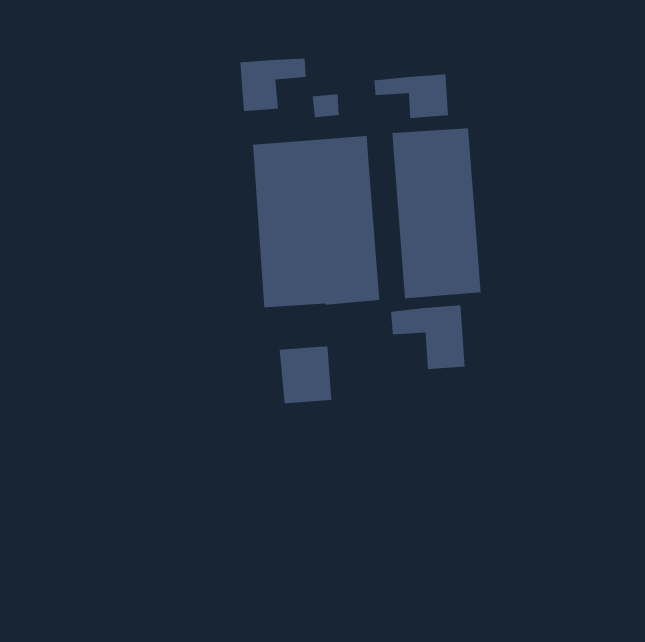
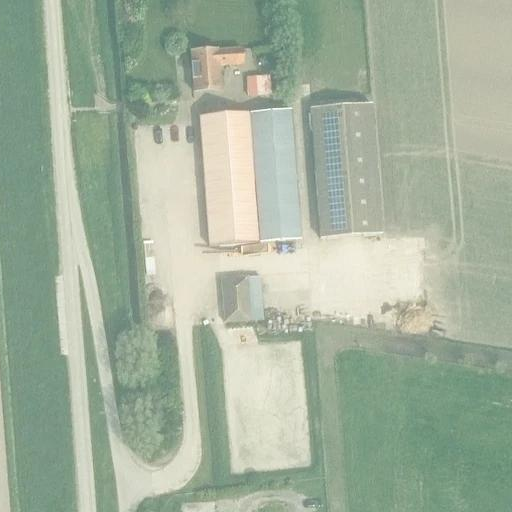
building: [374,73,449,119] -> none
building: [391,305,465,370] -> none

